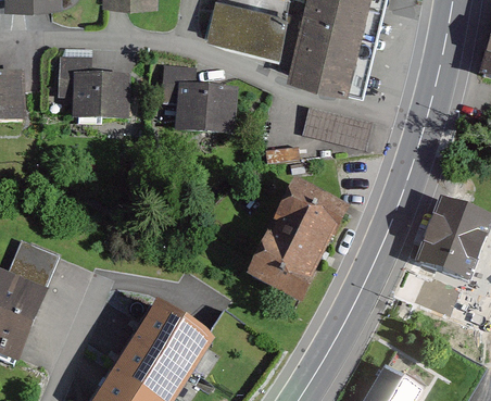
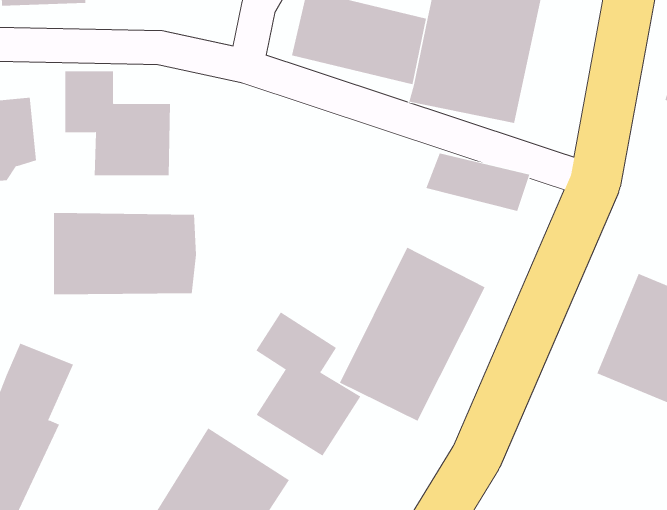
building: [159,63,236,137] -> none
building: none -> [53,212,197,295]
building: none -> [256,312,361,456]

